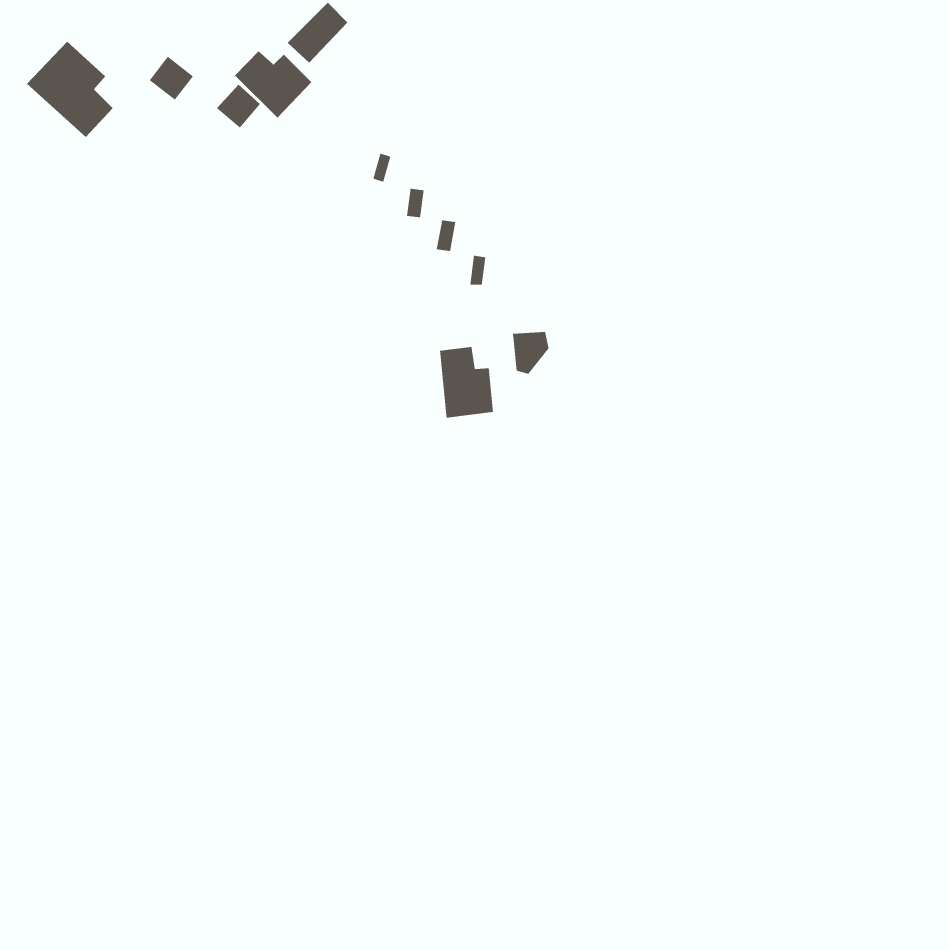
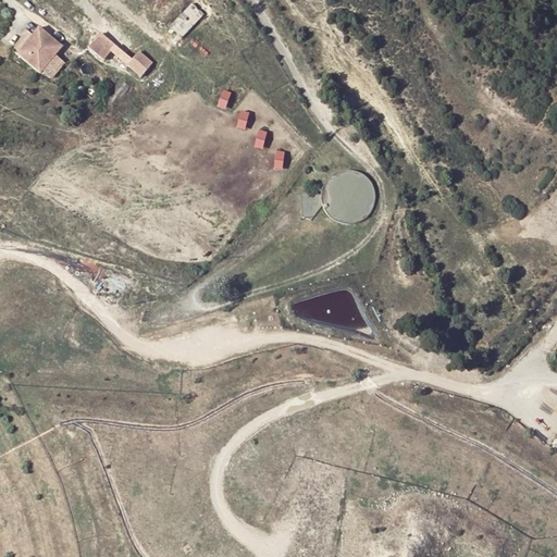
building: [234,51,312,119] -> none
building: [439,346,493,419] -> none

